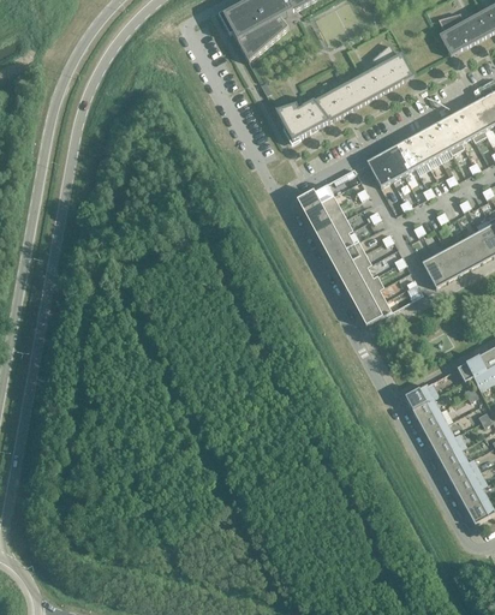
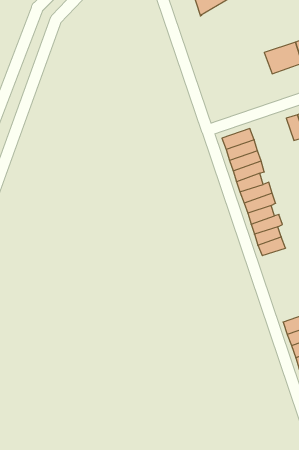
building: [274,91,341,144] -> none

